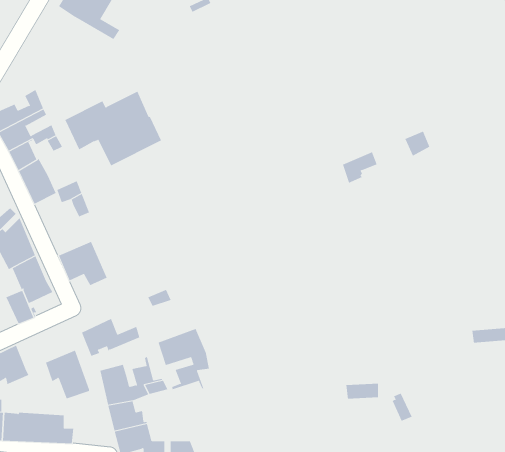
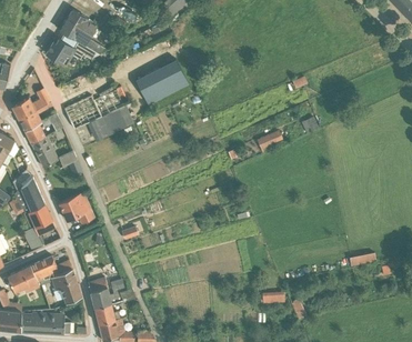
building: none -> [46,39,100,66]
building: none -> [135,59,189,104]
building: [81,318,140,357] -> [31,255,72,282]
building: [158,328,210,390] -> none

